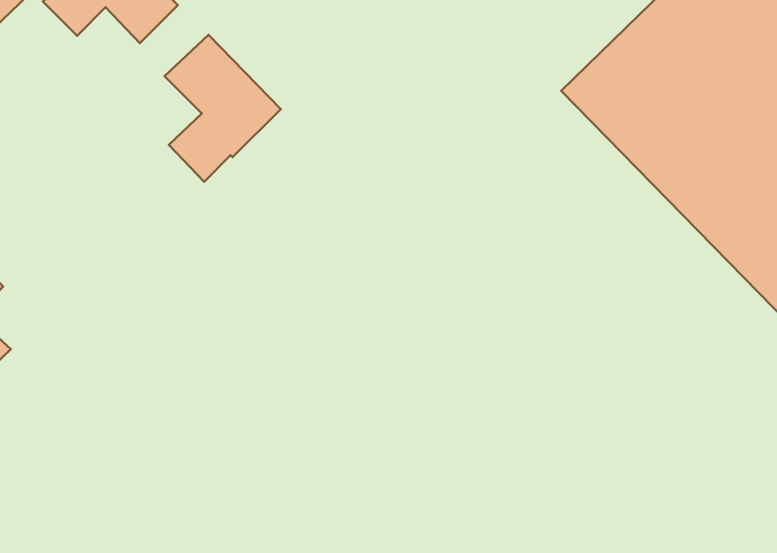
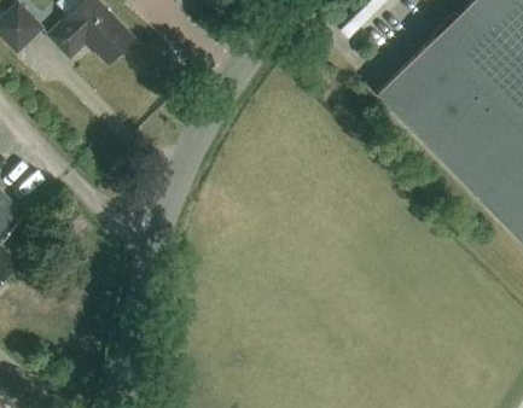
building: [165,35,281,182] -> none

